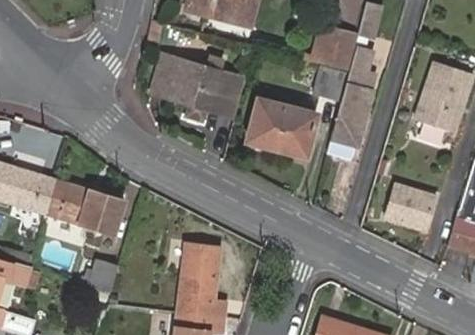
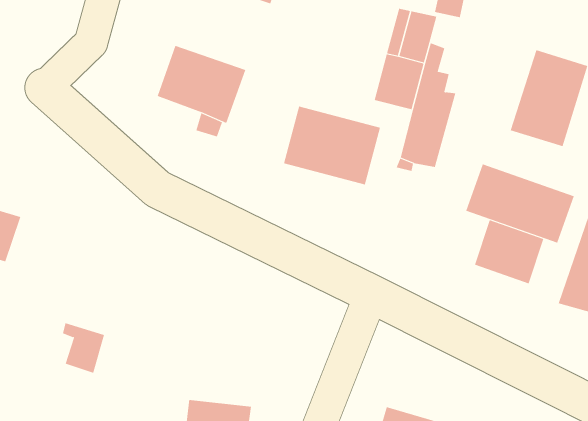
building: [206,73,246,123] -> none
building: none -> [465,164,575,244]
building: [45,180,123,233] -> none
building: [178,244,226,318] -> none

